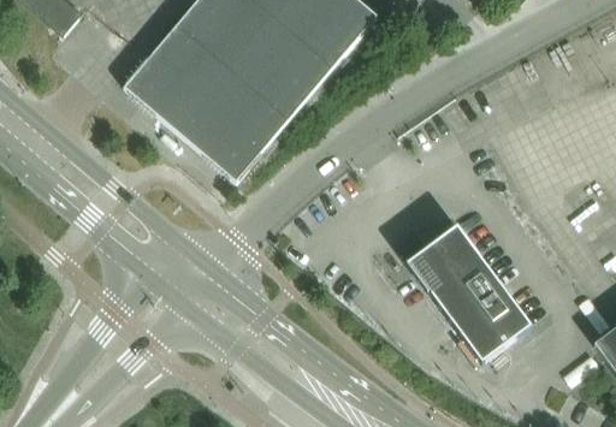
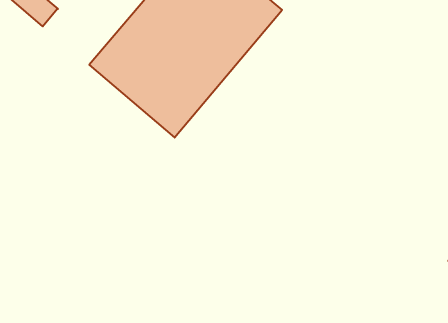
building: [408,225,532,361] -> none

